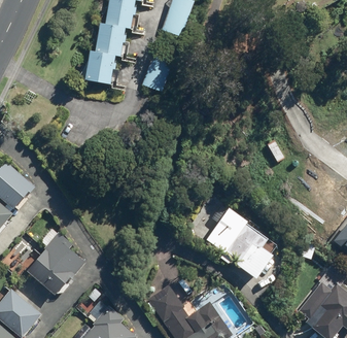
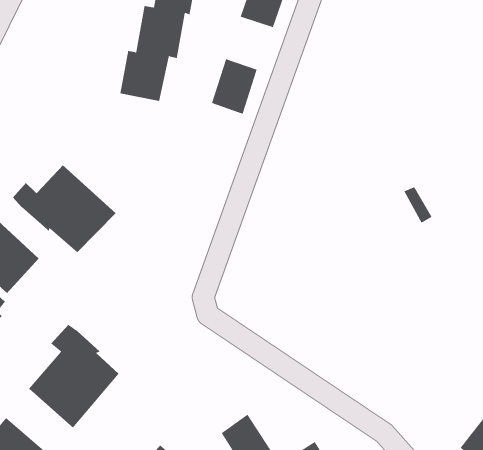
building: none -> [12,165,116,253]
building: [206,208,281,278] -> none

